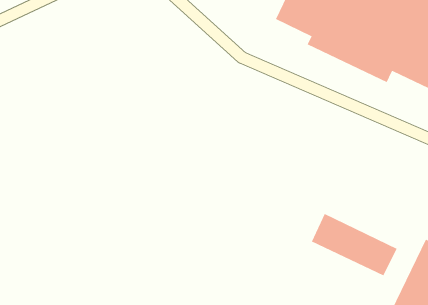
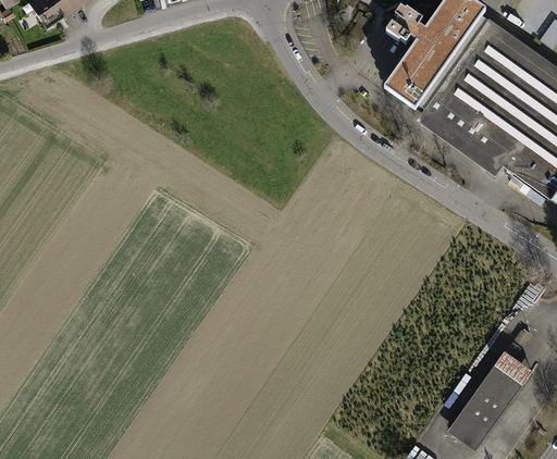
building: [311,213,398,276] -> none

